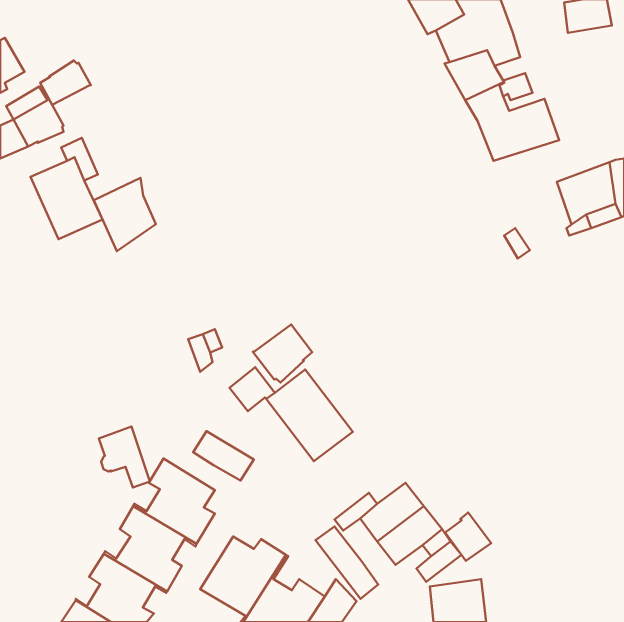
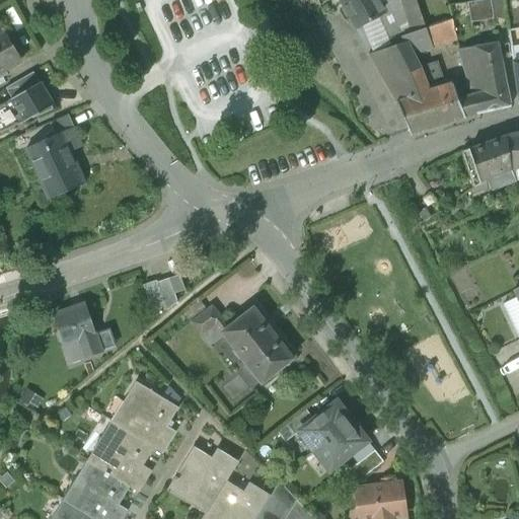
building: none -> [426,18,456,48]
building: none -> [458,43,510,113]
building: [40,60,91,105] -> none
building: [94,178,156,251] -> none
building: [253,325,312,382] -> none
building: [99,426,150,487] -> [56,305,98,356]
building: [193,431,254,481] -> none
building: [445,513,491,561] -> none
building: [316,527,378,599] -> none

